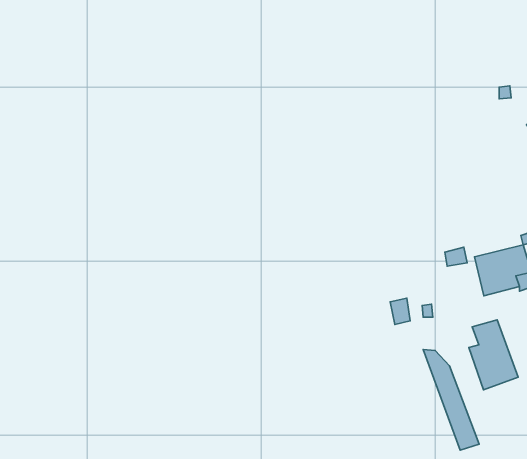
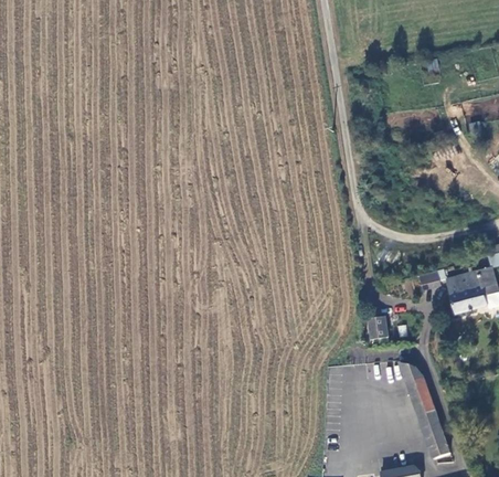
building: [469,320,518,390] -> none

